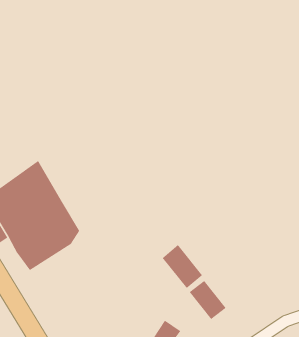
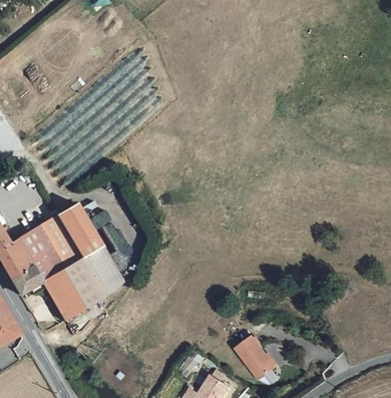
building: [162,244,203,289] -> none

